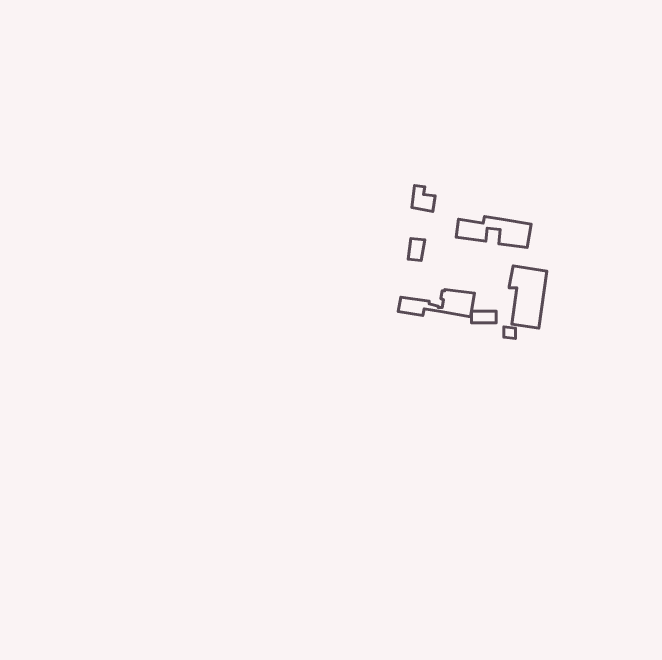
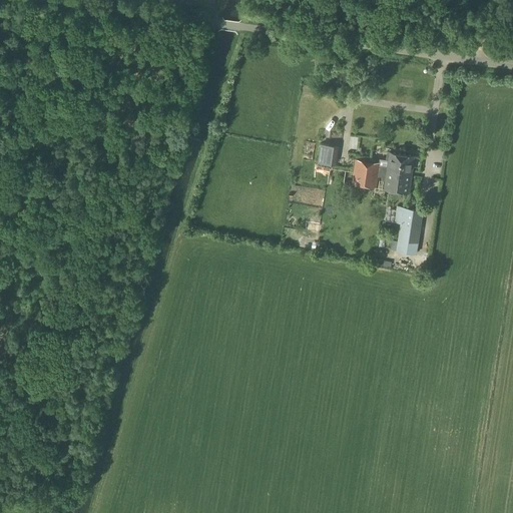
building: [398,289,475,317] -> [355,154,414,175]

